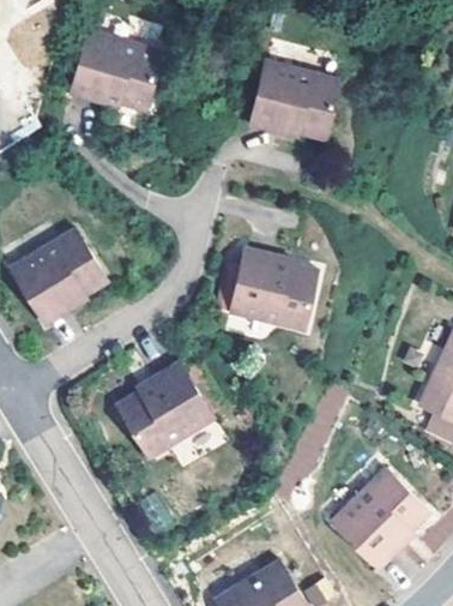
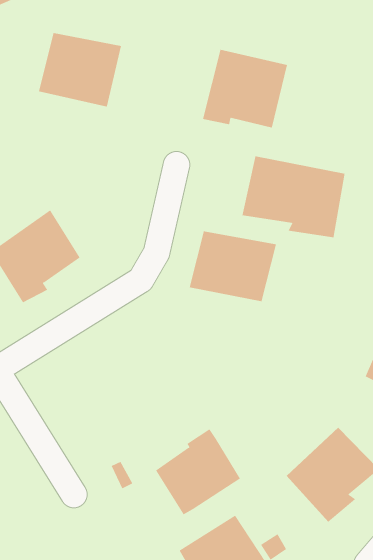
building: none -> [242,156,345,238]
building: [117,360,210,454] -> [155,428,241,515]

